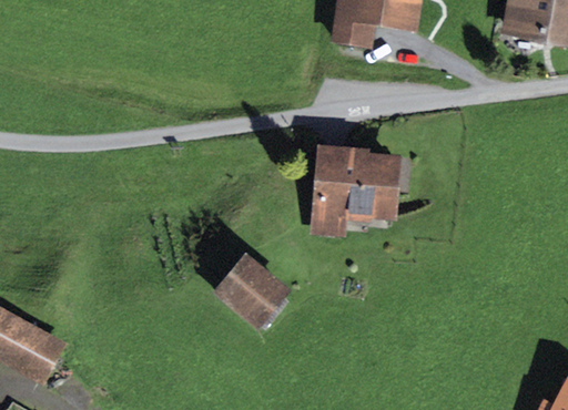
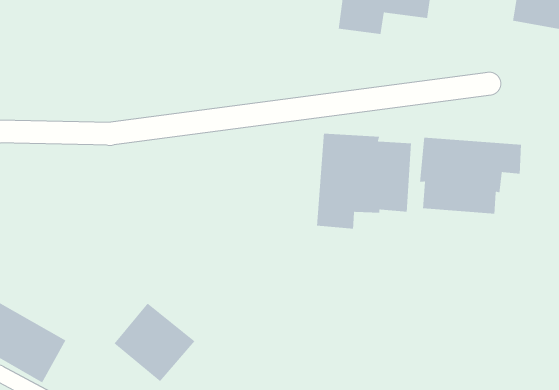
building: none -> [419,137,522,215]
building: [212,253,292,330] -> [113,302,195,382]

